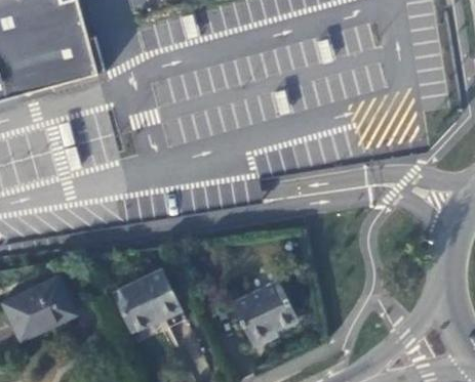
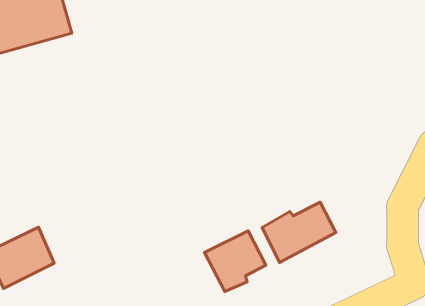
building: none -> [262,202,336,262]
building: [114,268,181,330] -> none

